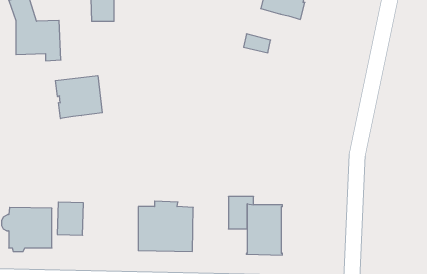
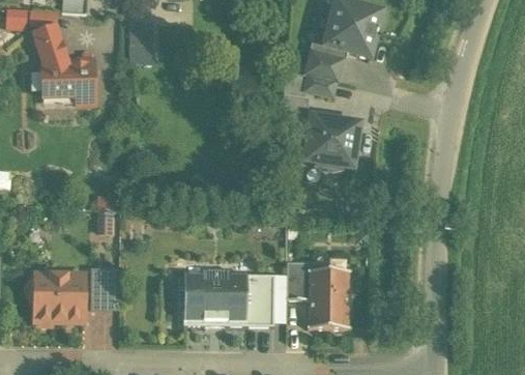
building: none -> [302,46,347,84]
building: none -> [304,117,358,168]
building: [55,76,102,119] -> none
building: none -> [245,276,273,326]

